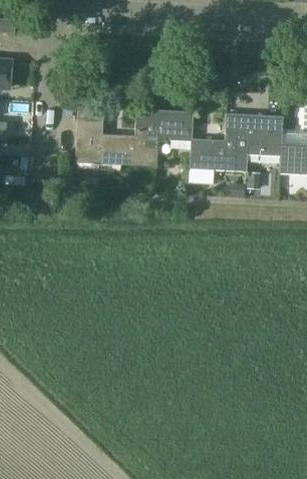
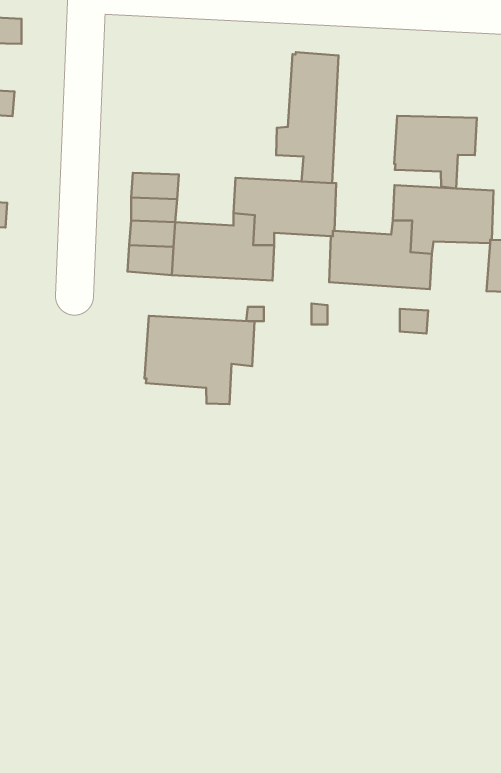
building: none -> [276,52,338,183]
building: none -> [394,116,477,188]
building: none -> [145,316,255,404]

